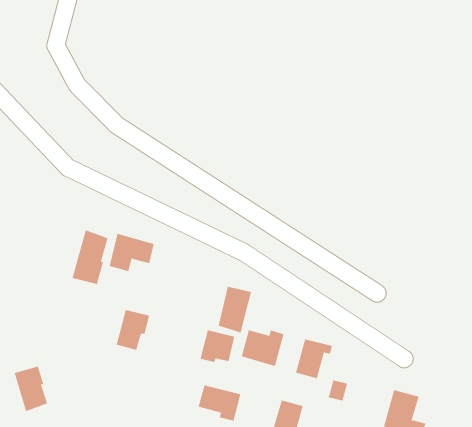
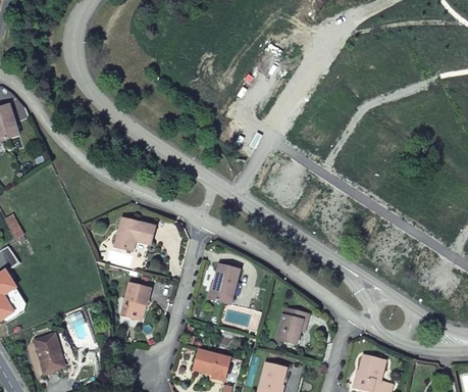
building: [72,230,108,285] -> none
building: [241,329,284,367] -> none
building: [200,330,235,363] -> none

